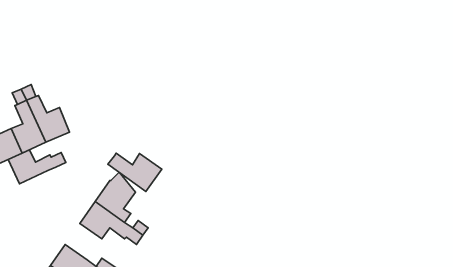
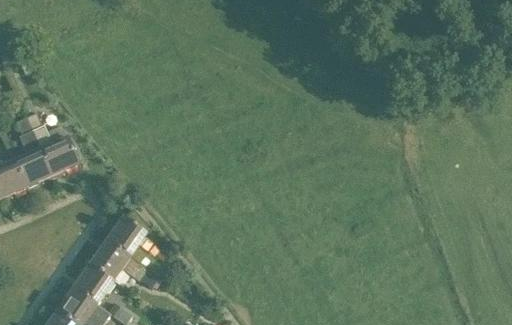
building: [8,150,66,184] -> none
building: [108,153,162,191] -> none
building: none -> [73,264,113,304]

